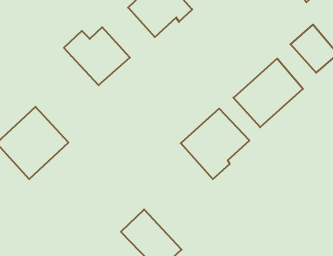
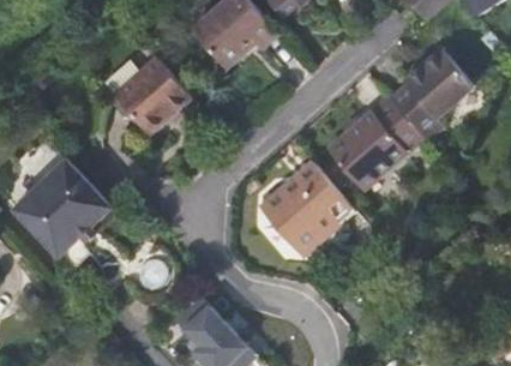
building: none -> [390,77,441,139]

